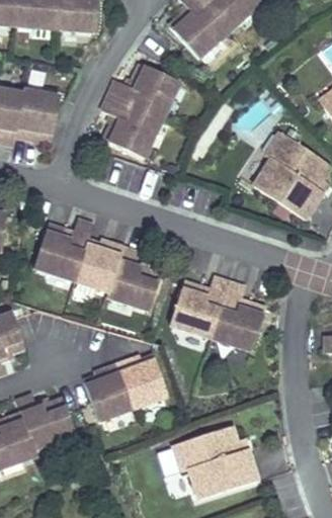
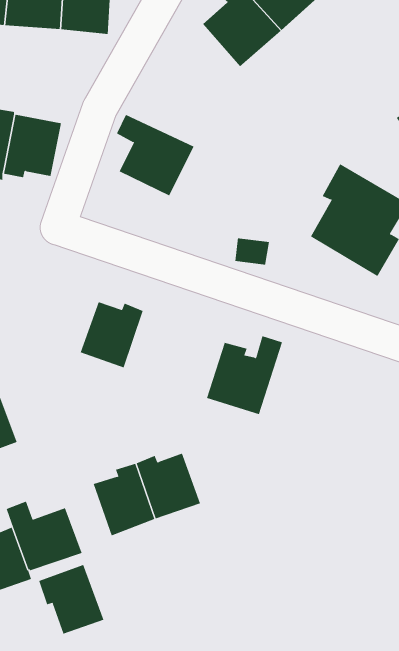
building: [109,62,181,119] -> none
building: [34,219,94,279] -> none
building: [107,247,161,310] -> none
building: [214,271,269,342] -> none
building: [173,427,258,501] -> none
building: none -> [39,564,104,635]

